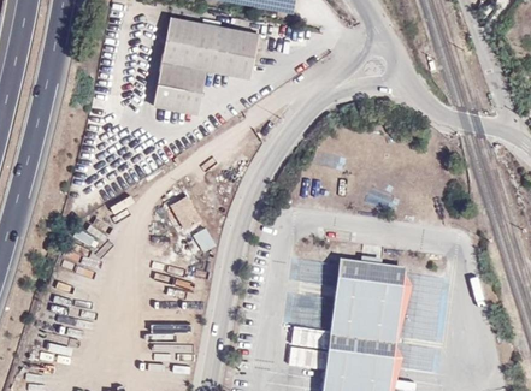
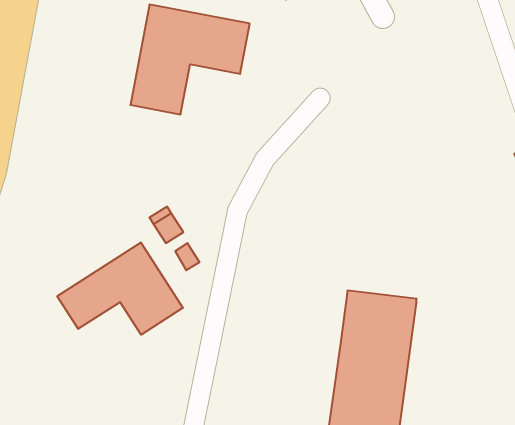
building: none -> [57,242,183,335]

